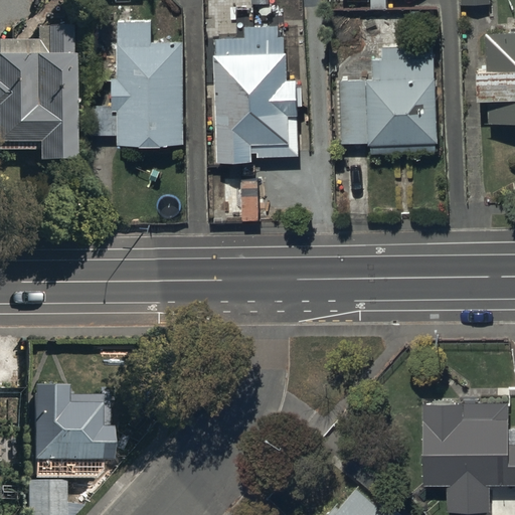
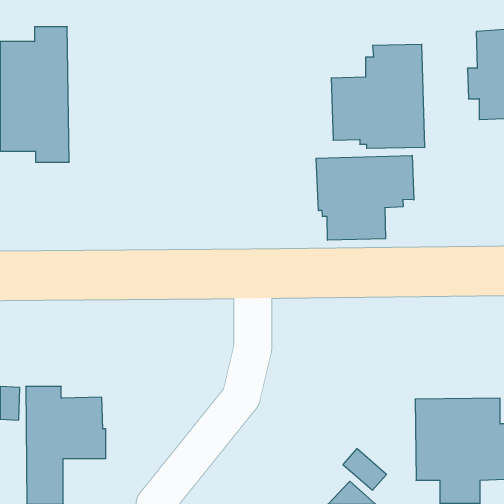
building: [88,20,184,145] -> none
building: [214,26,301,162] -> none
building: none -> [316,155,414,240]

